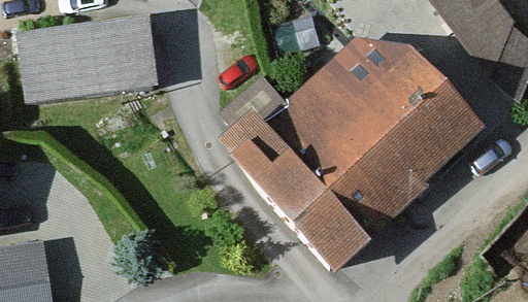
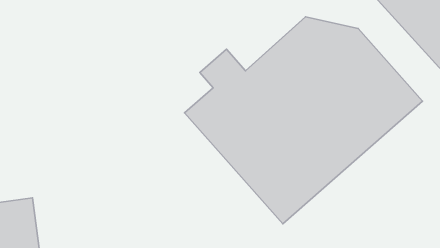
building: [14,20,154,101] -> none

